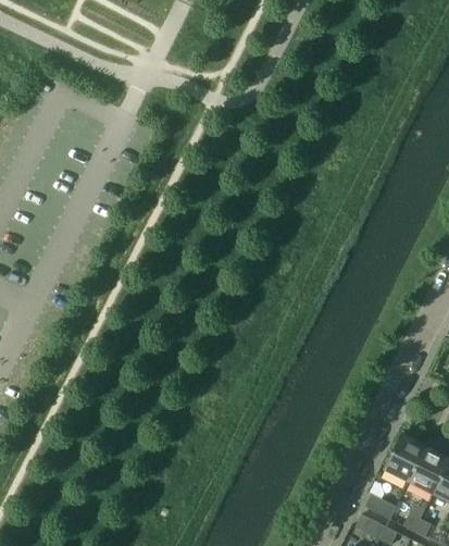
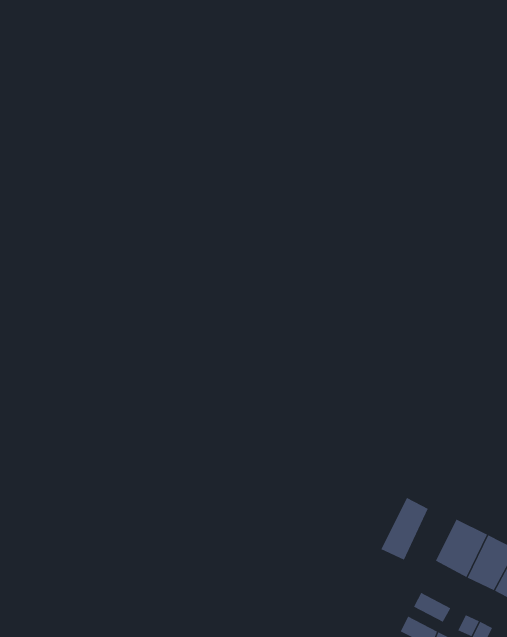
building: none -> [381,497,429,561]

